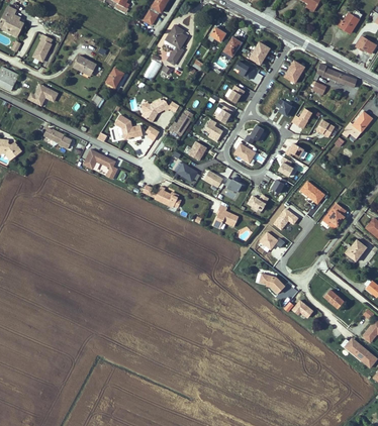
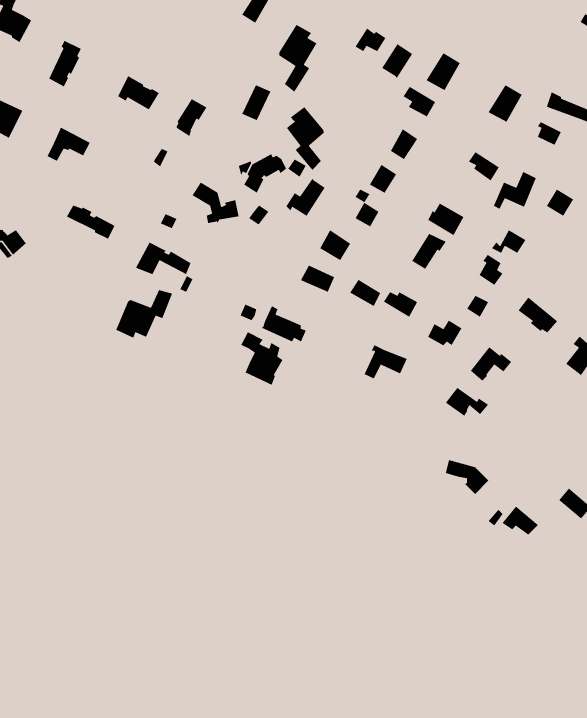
building: none -> [286,106,324,171]
building: none -> [115,289,173,339]
building: none -> [240,331,283,386]

